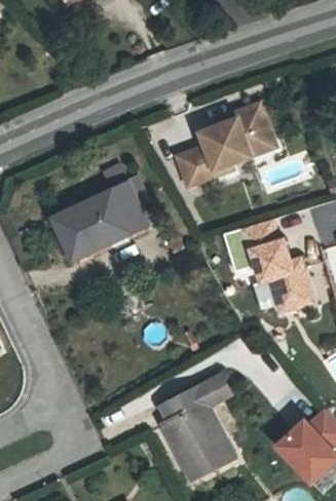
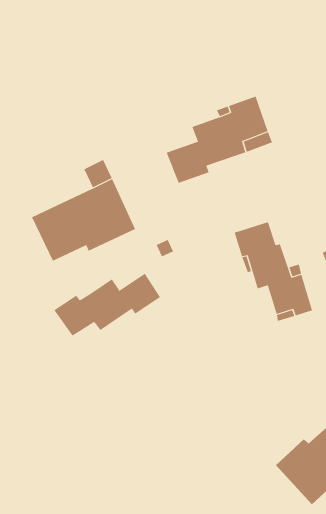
building: none -> [53,273,161,337]
building: [161,376,234,479] -> none

